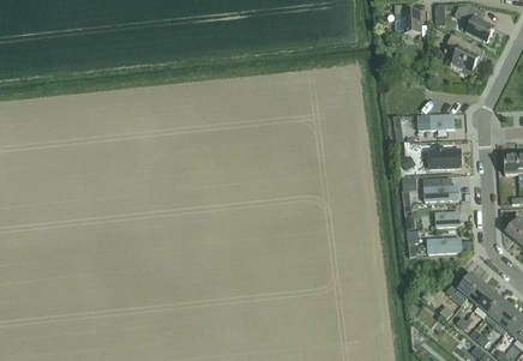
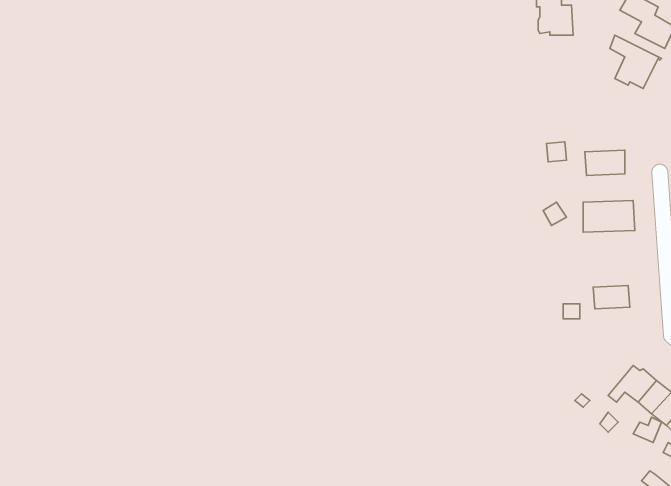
building: [423,186,462,204] -> none
building: [427,240,464,257] -> none

